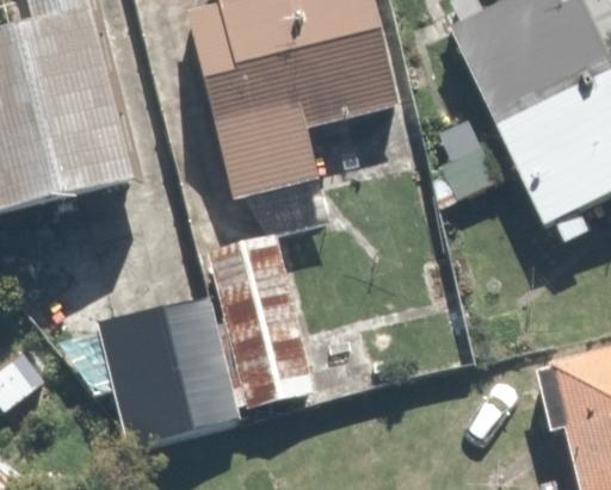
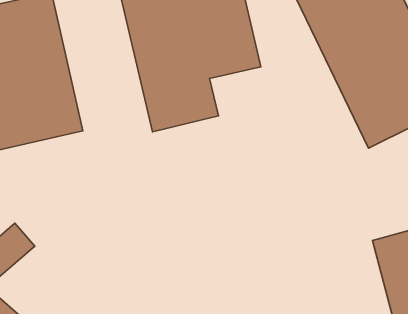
building: [208,240,326,408] -> none
building: [95,287,239,453] -> none

